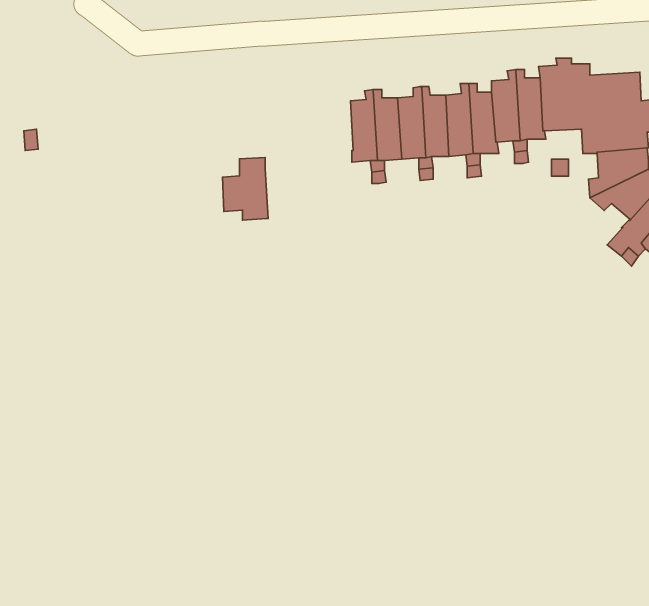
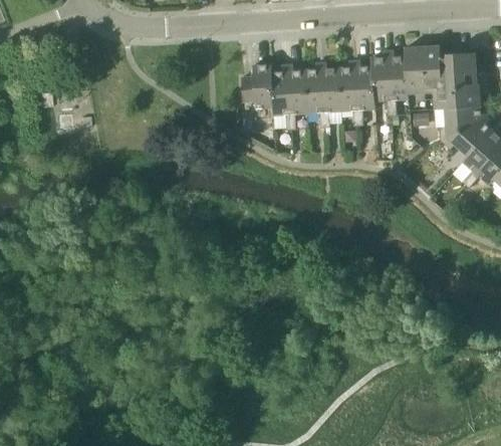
building: [222,157,268,220] -> [241,63,273,107]

